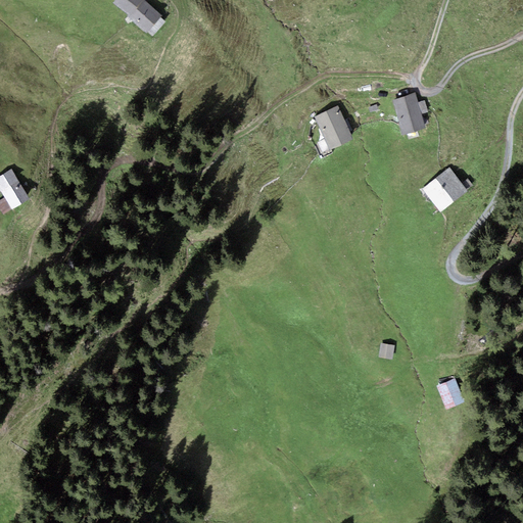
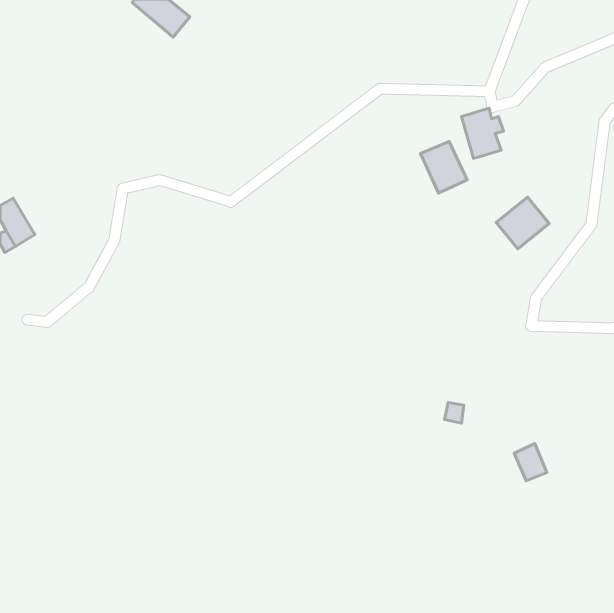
building: [314,105,353,149] -> [420,142,467,193]

